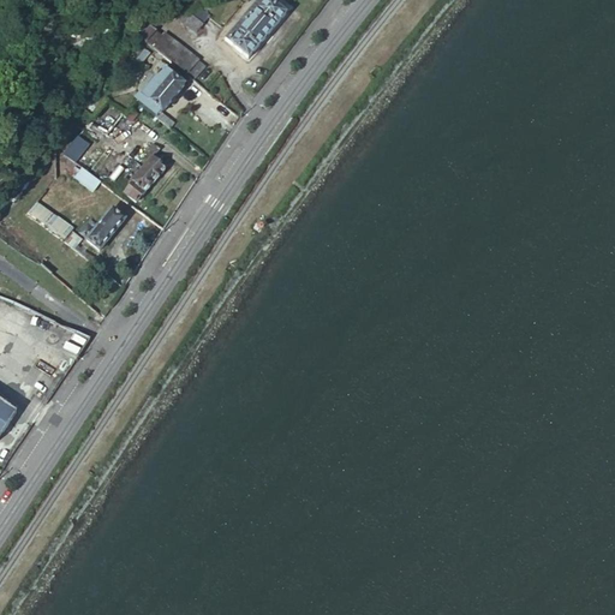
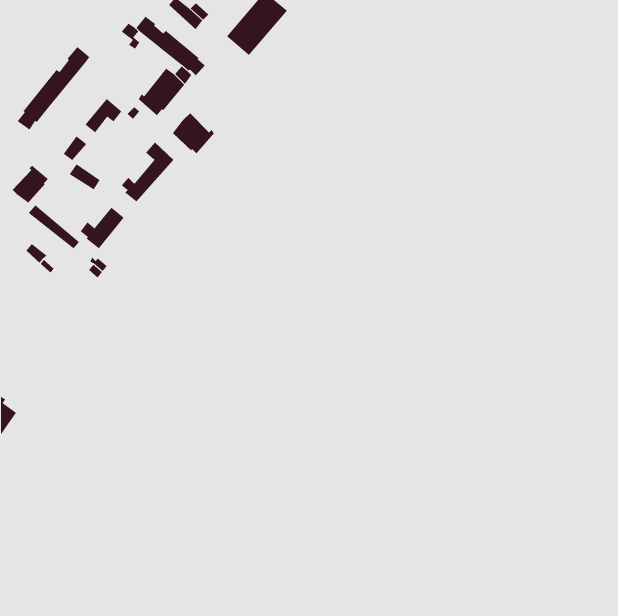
building: none -> [17,46,90,131]
building: none -> [172,112,214,154]
building: none -> [12,165,49,204]

